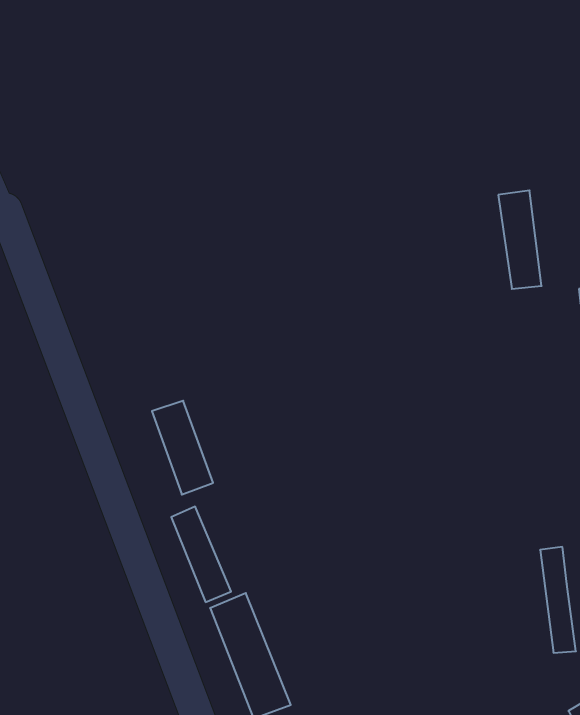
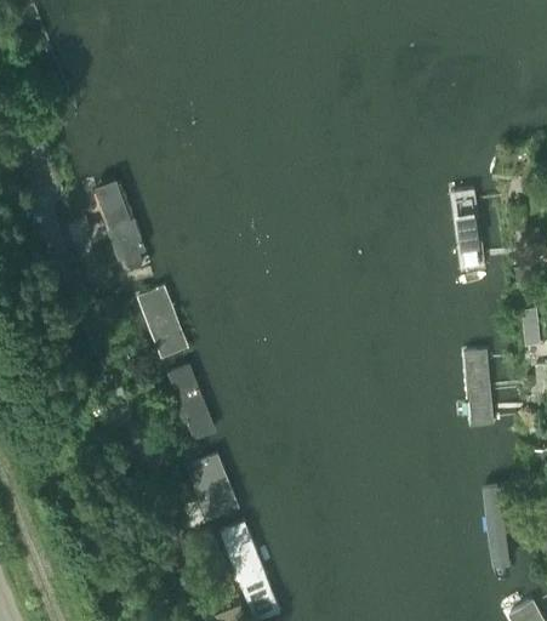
building: none -> [86,172,153,272]
building: none -> [136,285,189,361]
building: none -> [463,349,496,427]

